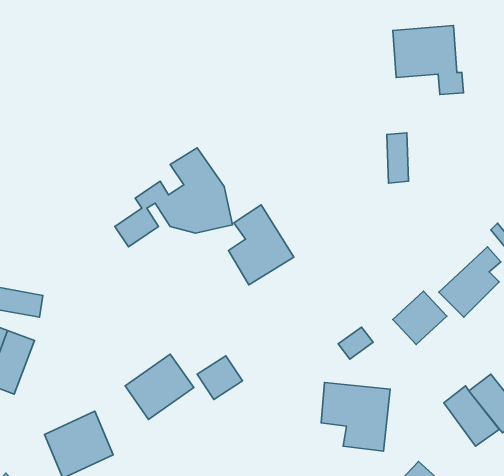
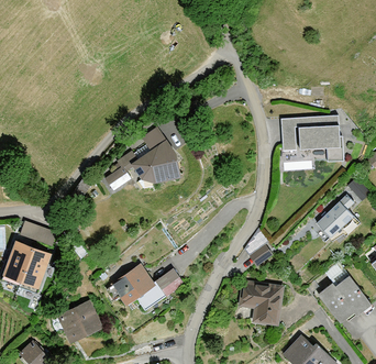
building: [393,26,463,94] -> [298,115,344,161]
building: [228,205,294,285] -> none
building: [393,291,447,345] -> none

